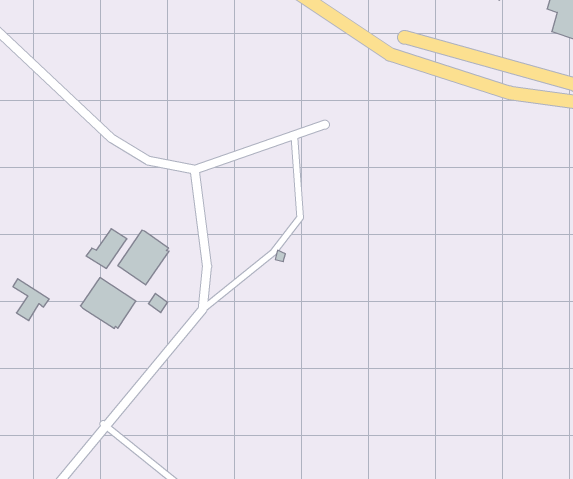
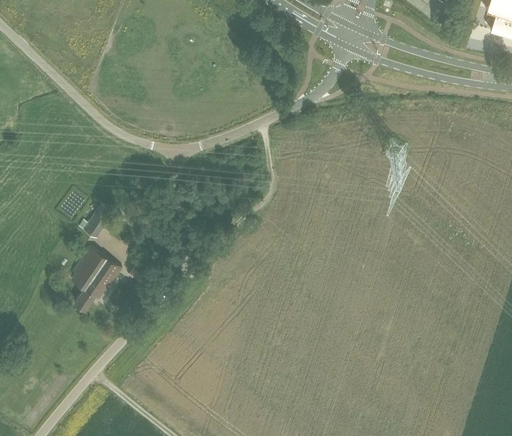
building: [118,230,169,285] -> none
building: [13,279,49,321] -> [72,273,104,310]

